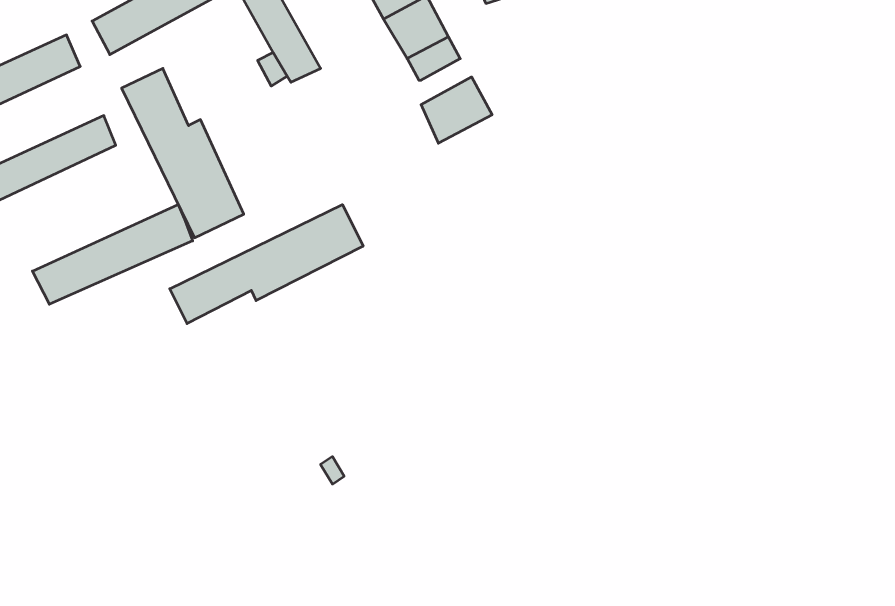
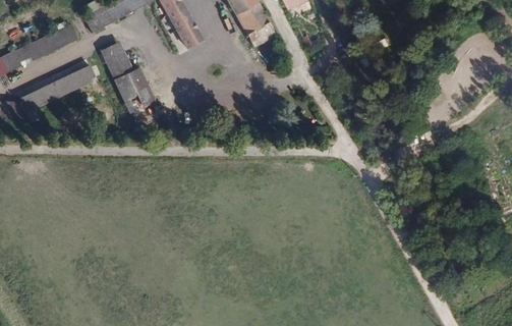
building: [421,77,492,143] -> none
building: [32,204,193,304] -> none
building: [170,205,363,324] -> none

